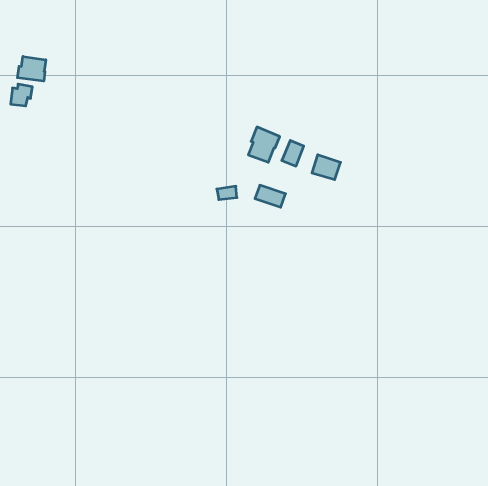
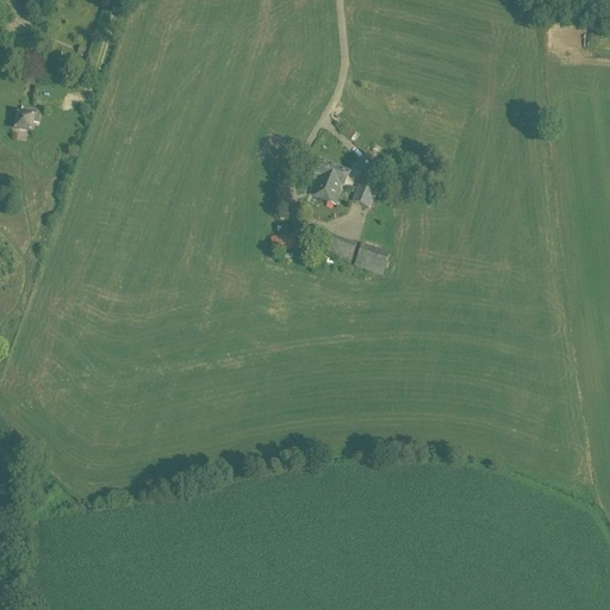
building: [17,56,46,81] -> none
building: [312,155,341,180] -> [354,243,390,274]

